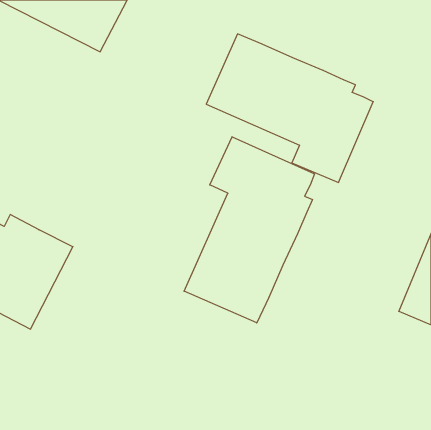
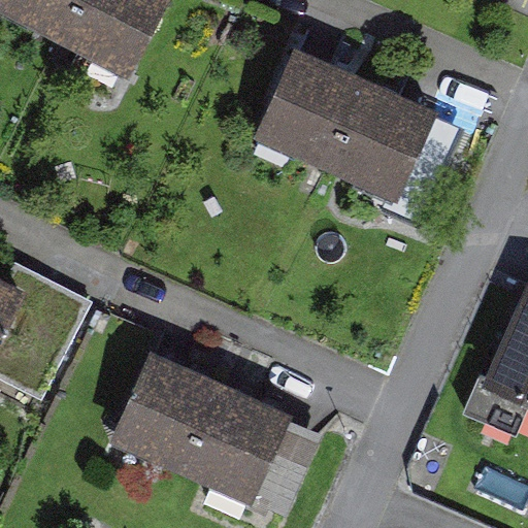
building: [184,137,314,323] -> none
building: none -> [113,358,318,519]

